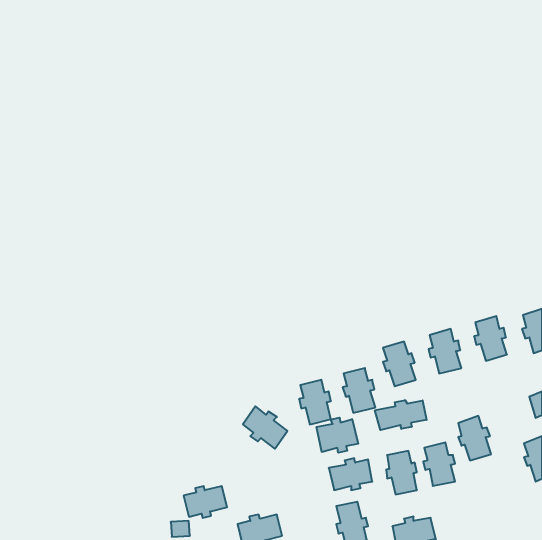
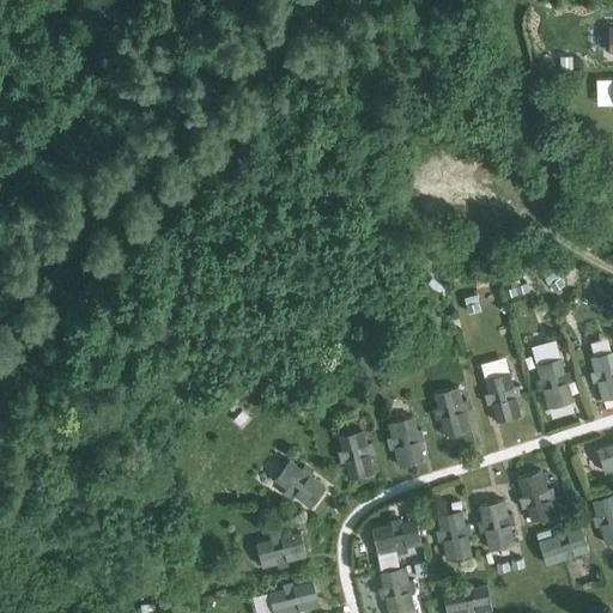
building: [375,400,427,430] -> none
building: [317,418,358,453] -> none
building: none -> [538,528,589,566]
building: [184,486,227,518] -> [256,534,305,570]

